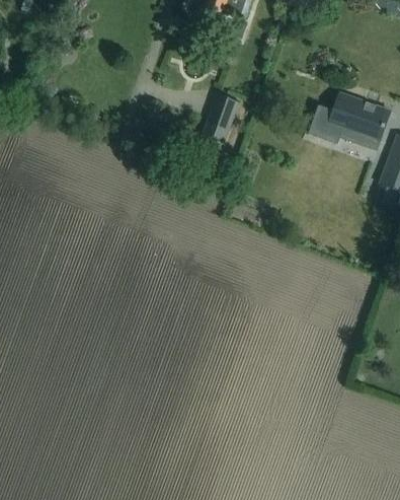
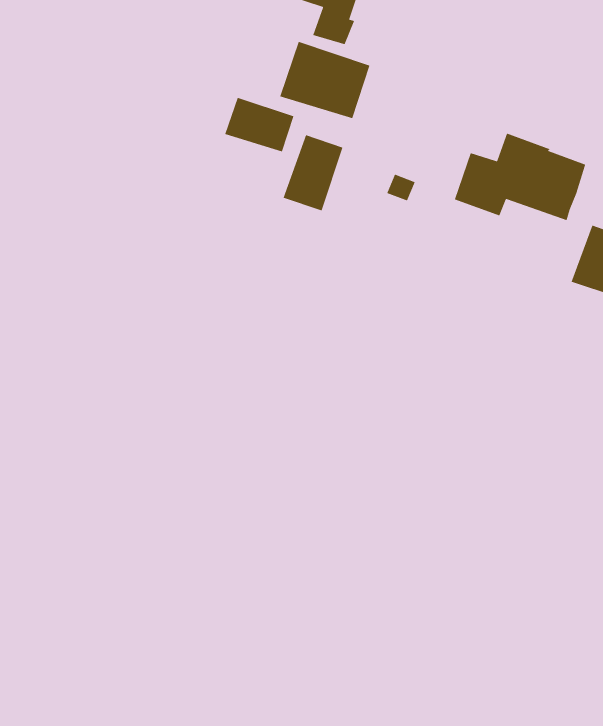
building: none -> [279,41,371,119]
building: none -> [224,97,294,152]

